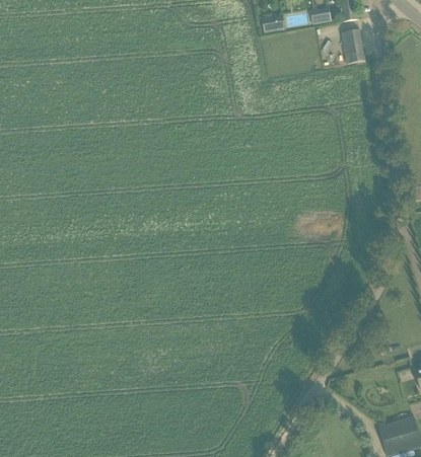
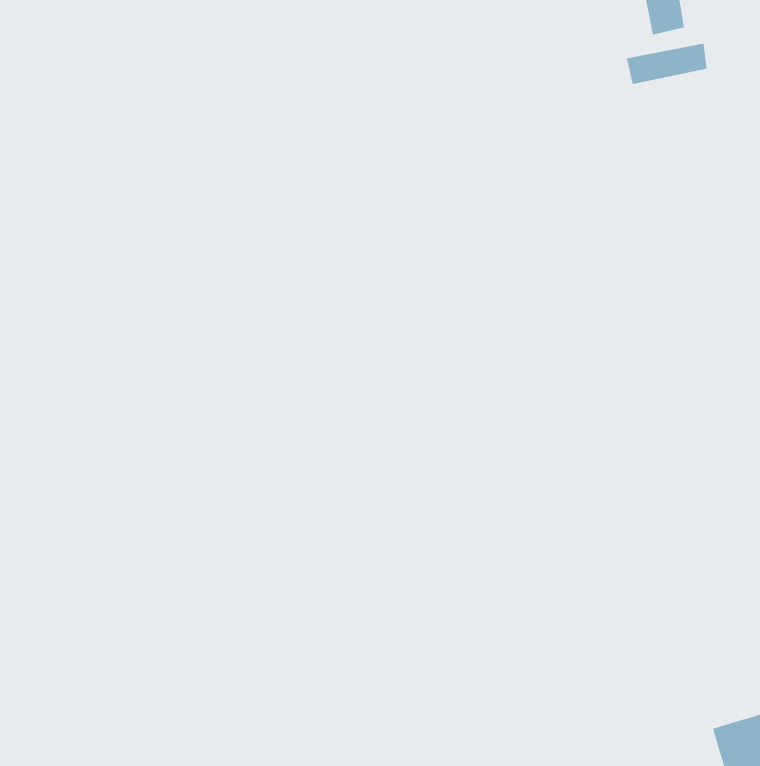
building: none -> [626,43,707,85]

